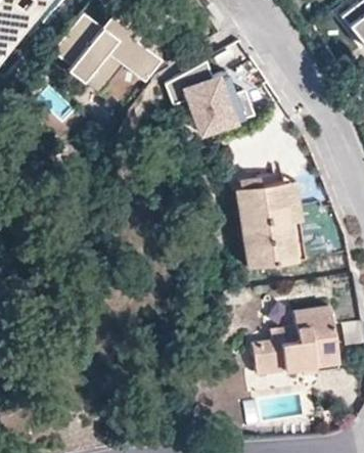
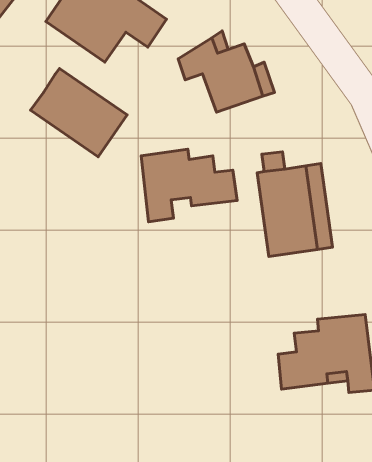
building: none -> [31,68,127,157]
building: none -> [141,149,237,222]

